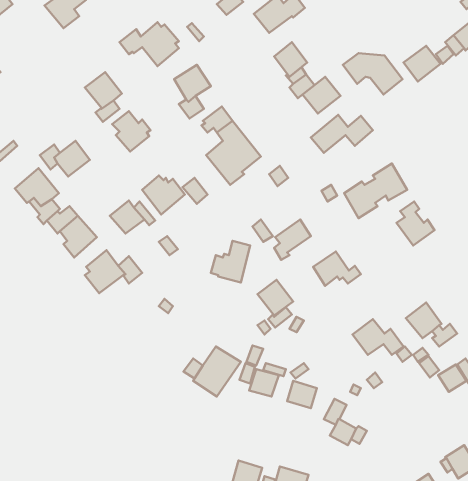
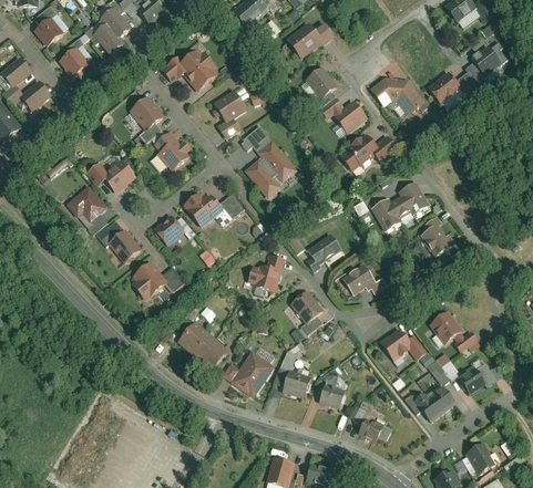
building: none -> [58,45,90,77]
building: none -> [177,321,227,370]
building: none -> [414,386,454,420]

